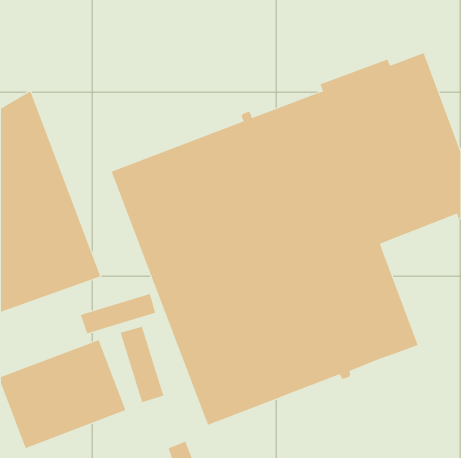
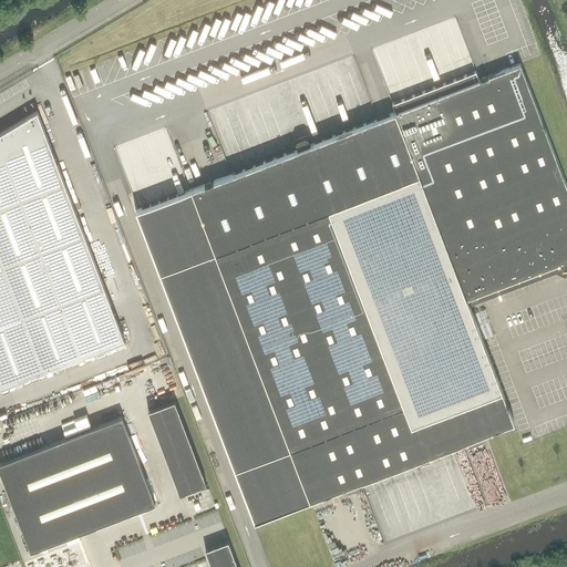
building: [80,293,156,334] -> none

